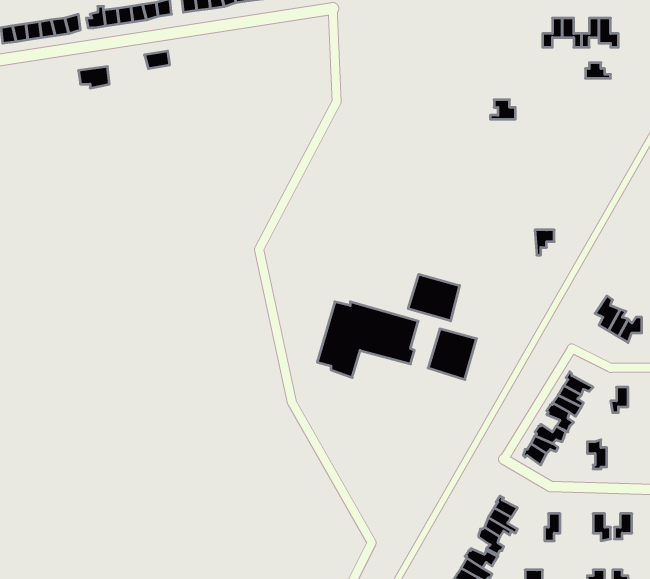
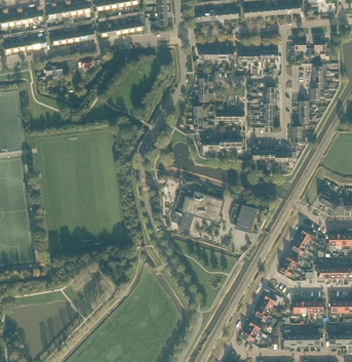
building: [408,274,460,321] -> none

